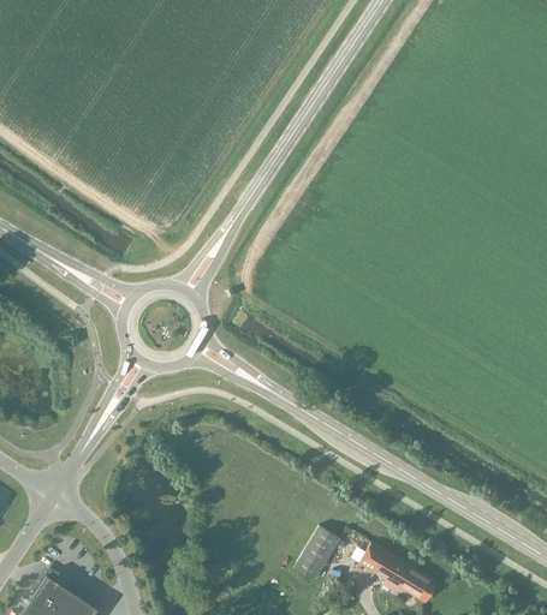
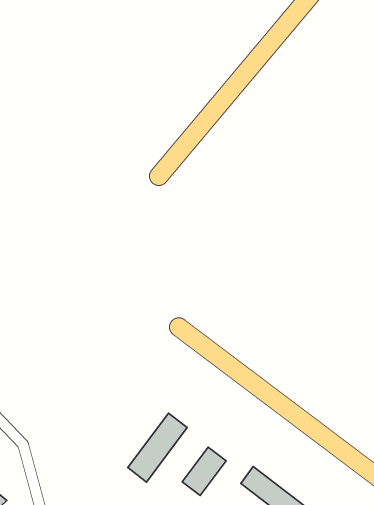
building: none -> [128,413,187,482]

